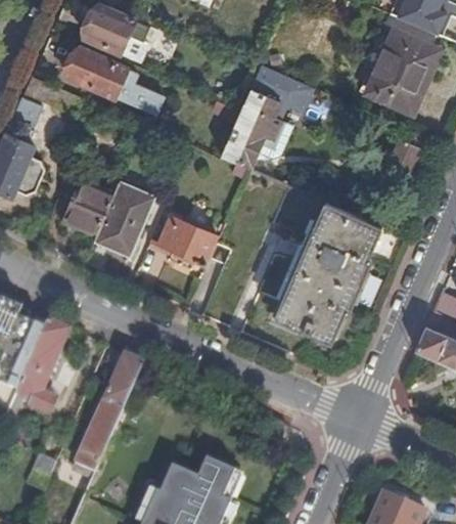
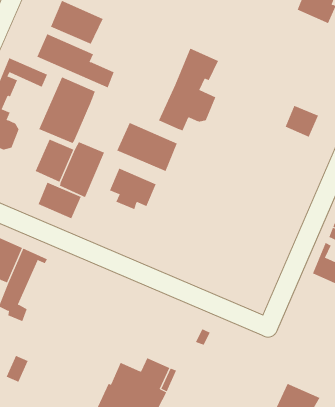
building: [365,29,437,113] -> none
building: none -> [39,76,95,144]
building: none -> [117,122,177,172]
building: [273,202,379,343] -> none
building: none -> [38,182,82,219]
building: [67,352,143,505] -> none

